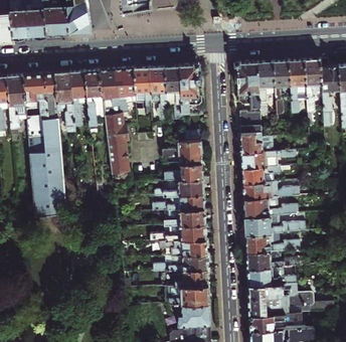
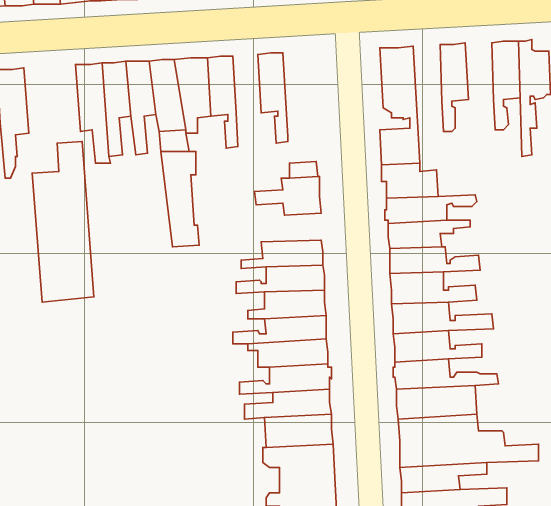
building: [289,60,306,114] -> none
building: [257,61,275,115] -> none
building: [179,65,201,117] -> none
building: [149,67,167,122] -> none
building: [23,73,58,139] -> none
building: [163,163,203,180] -> none

